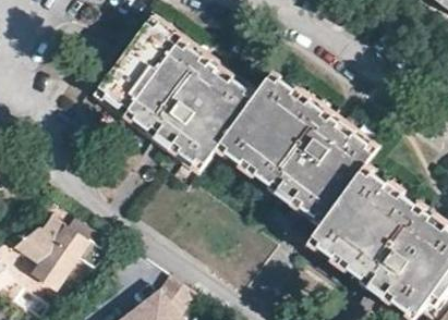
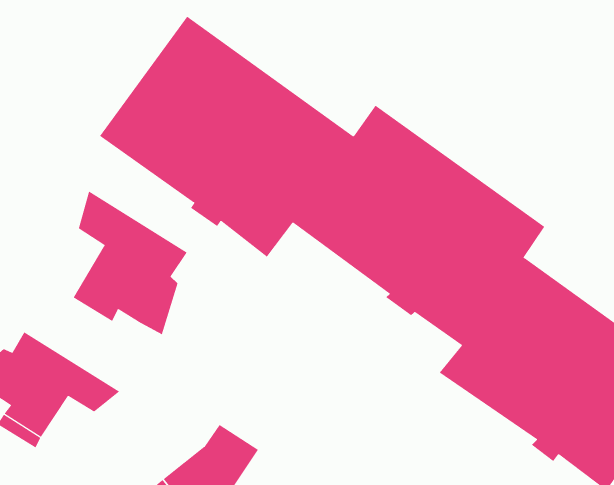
building: none -> [73,190,187,335]

